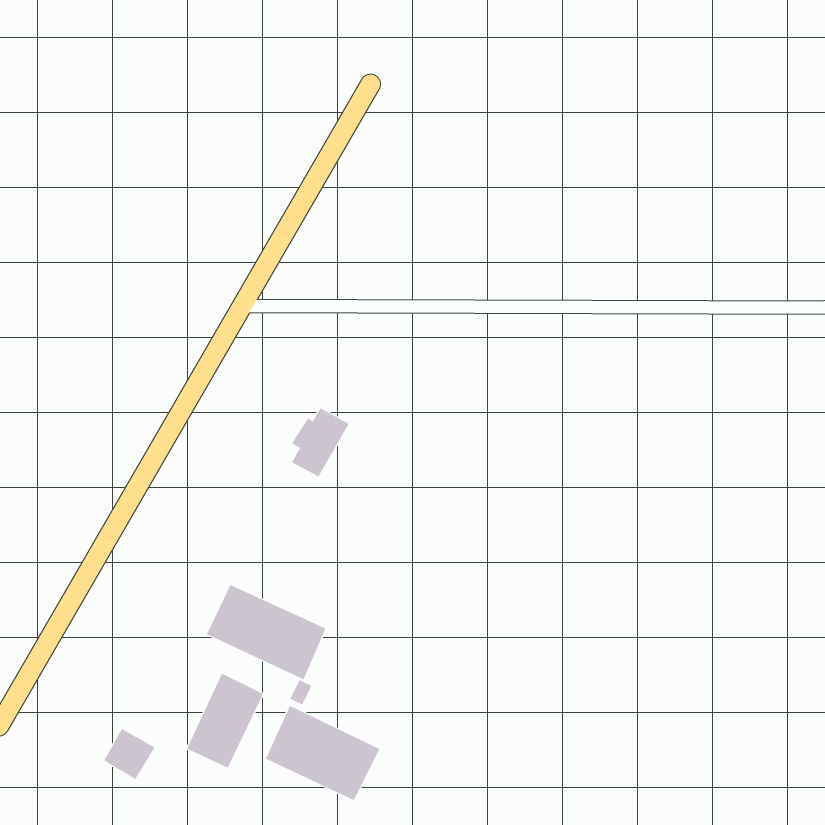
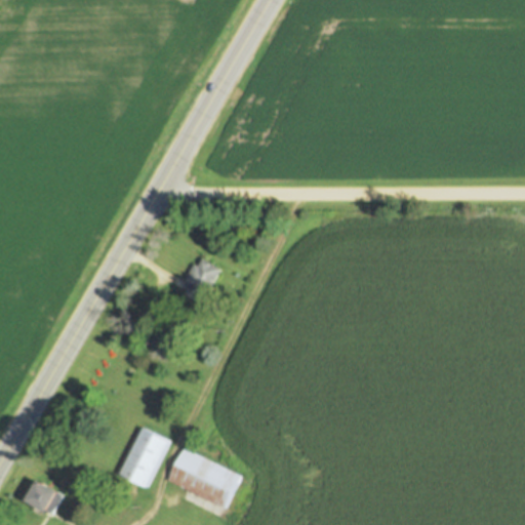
building: [206,584,326,680] -> none
building: [104,728,155,780] -> [29,479,62,512]

